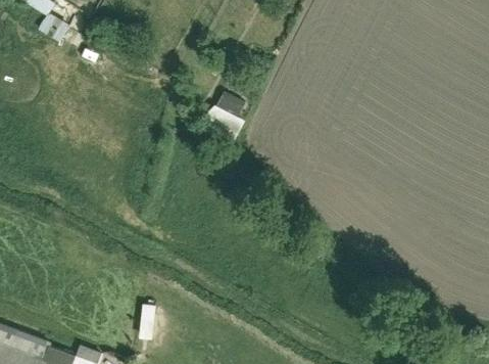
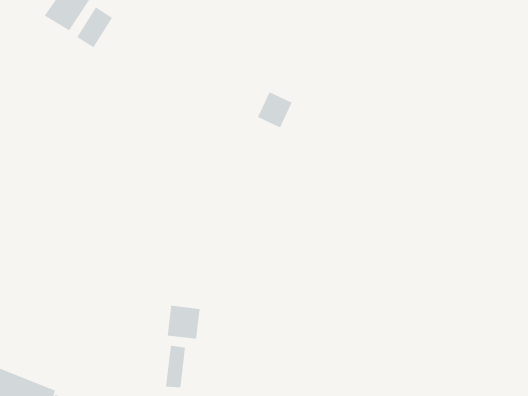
building: none -> [76,7,113,48]
building: none -> [167,305,200,340]

